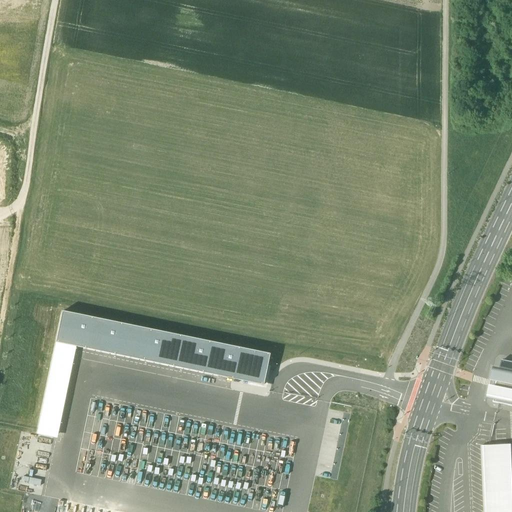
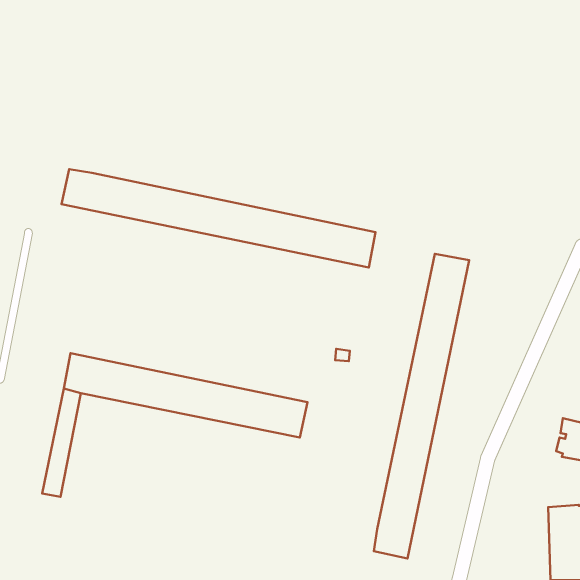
building: none -> [61,169,375,268]
building: none -> [374,254,469,559]

